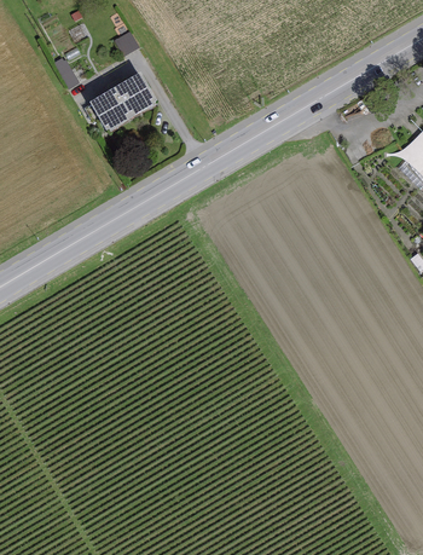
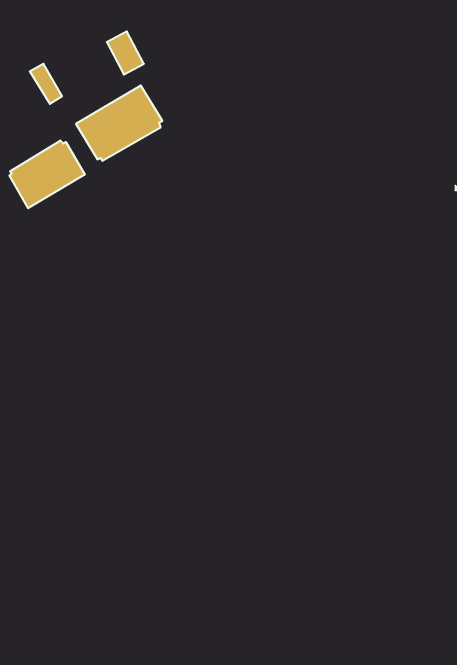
building: none -> [9,140,85,208]

